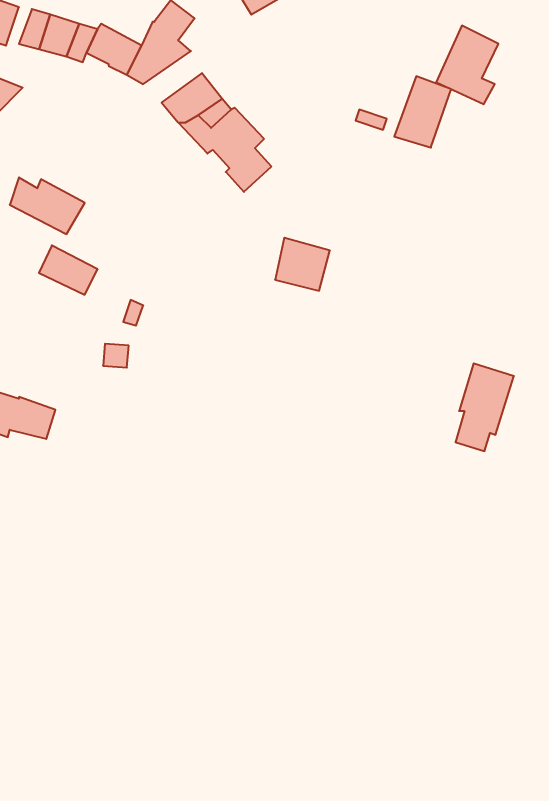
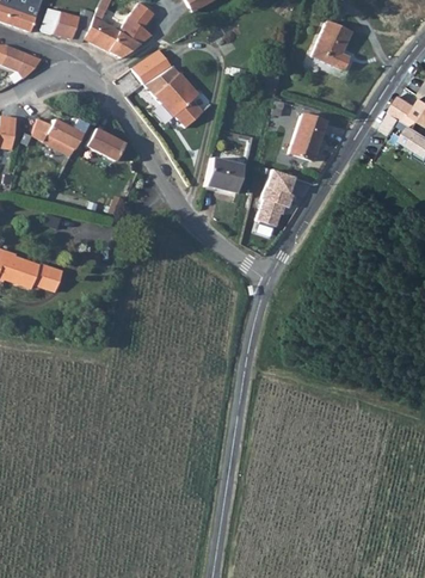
building: [394,76,451,148] -> [288,113,325,160]
building: [39,245,98,295] -> [86,129,124,161]
building: [455,363,514,451] -> [255,171,294,228]

